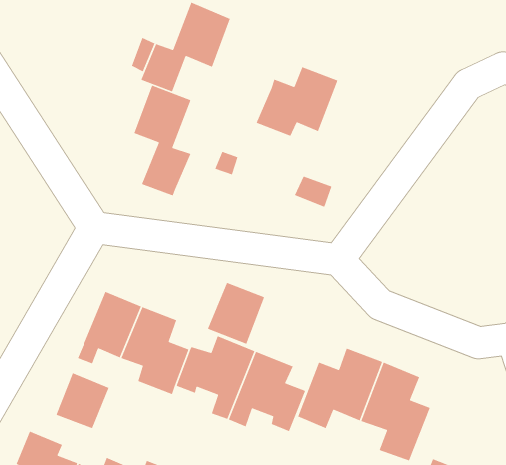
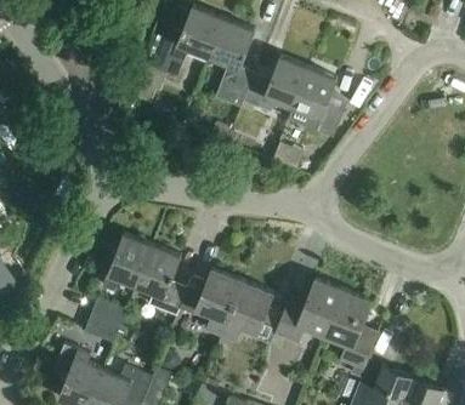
building: none -> [291,68,342,138]
building: [133,84,192,197] -> [208,19,254,108]
building: [207,282,265,345] -> none

